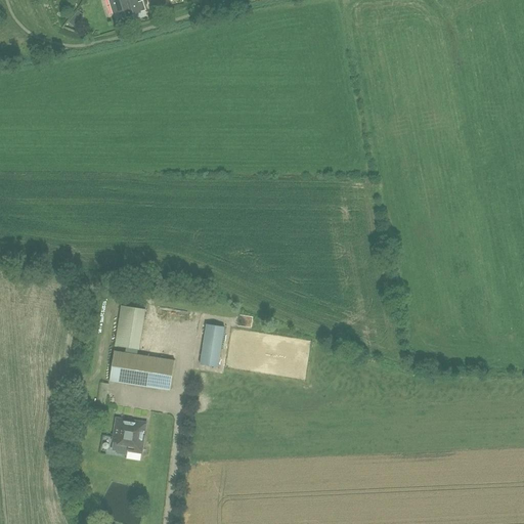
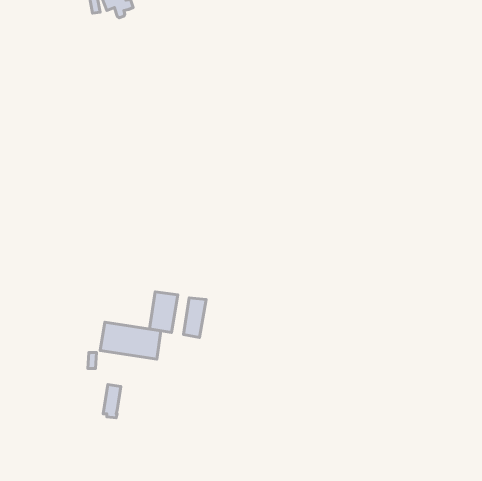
building: [115,304,145,348] -> [150,292,178,333]
building: [126,419,145,450] -> none

